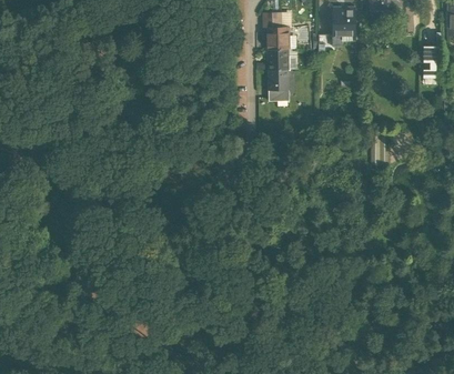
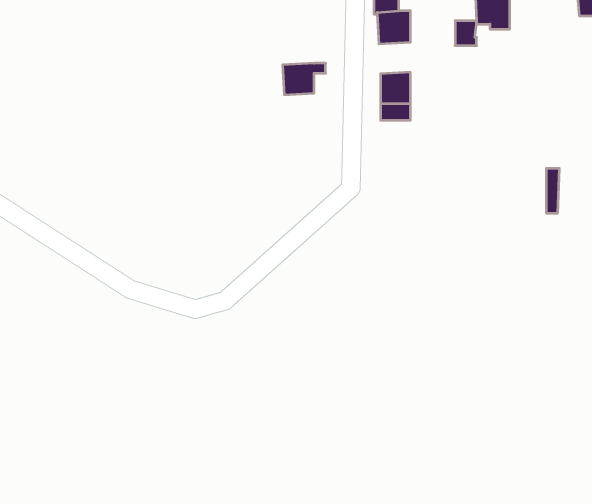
building: [268,49,296,70] -> [283,63,326,95]

